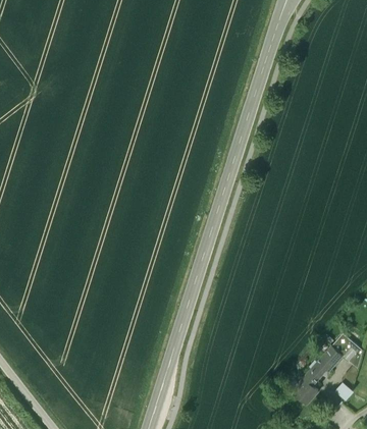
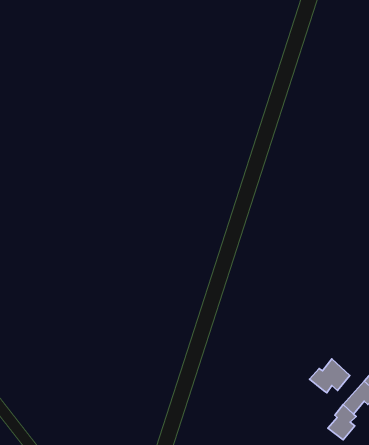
building: none -> [310,359,350,393]

